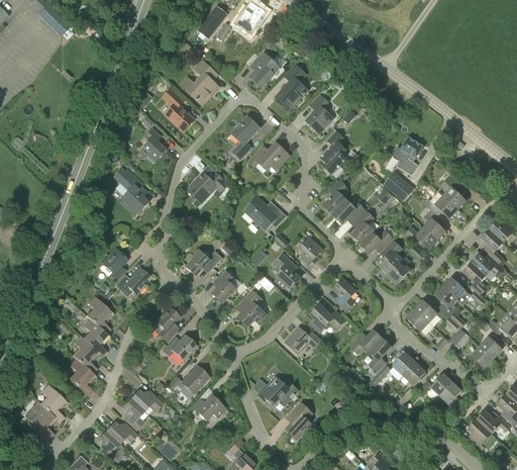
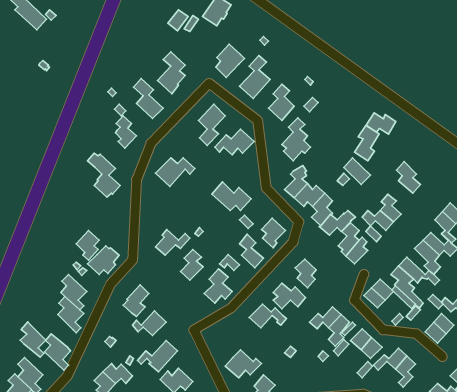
building: none -> [366,113,396,134]
building: [423,196,457,218] -> none
building: [72,335,99,372] -> [20,322,46,357]

